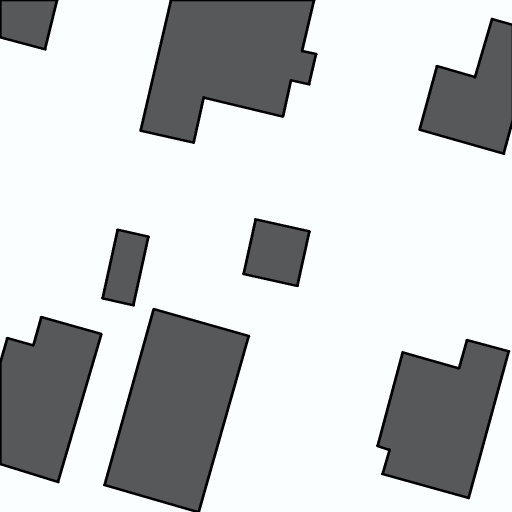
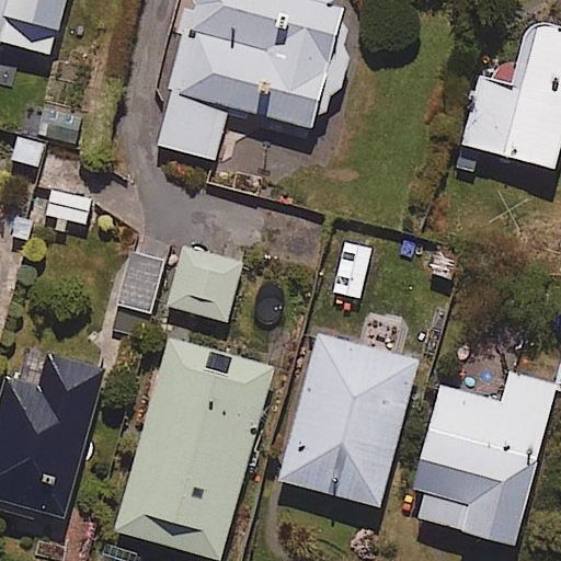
building: [243,219,310,286] -> [169,249,241,321]
building: none -> [277,333,420,507]

